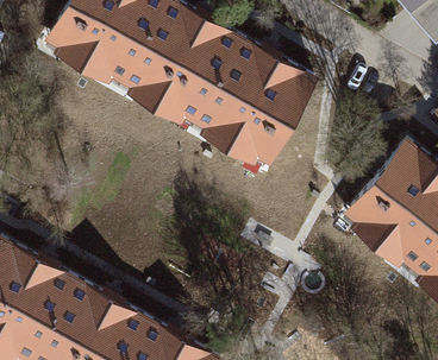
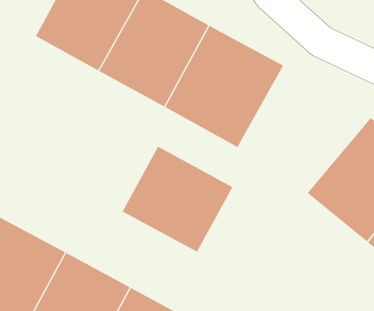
building: none -> [122,146,233,253]

